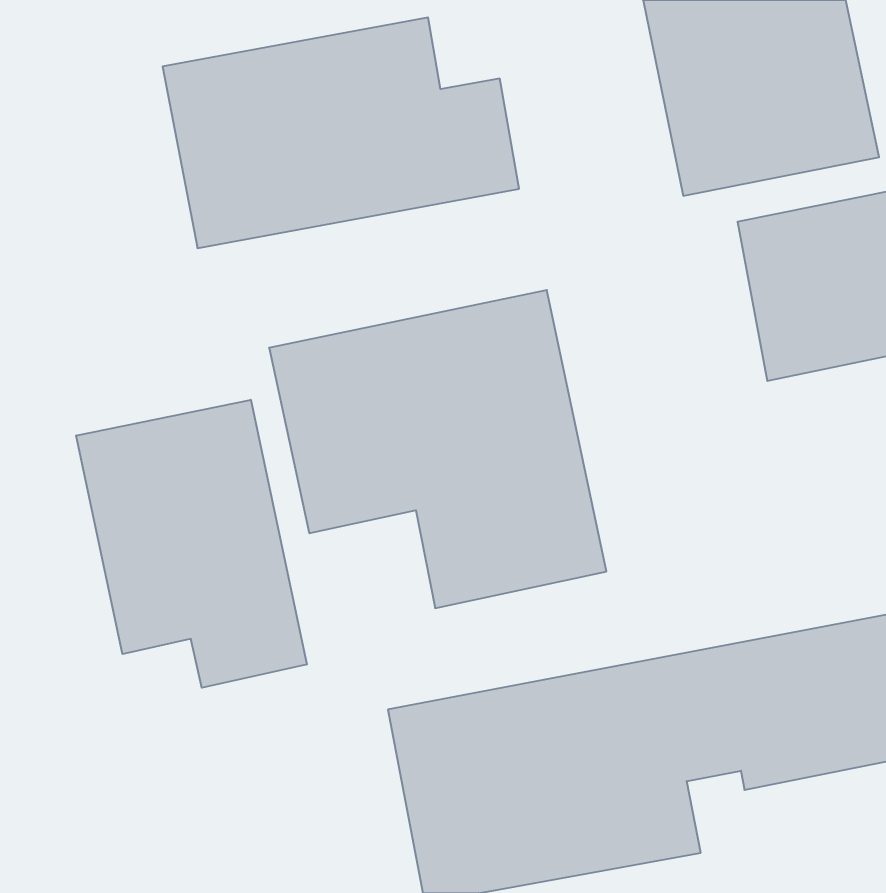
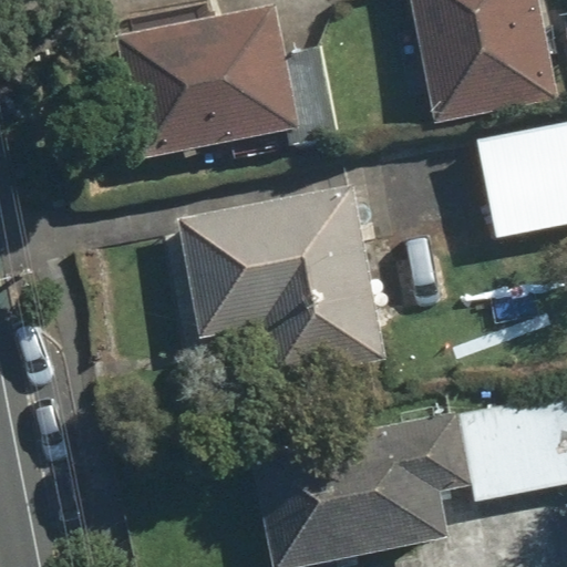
building: [76,400,307,688] -> none

